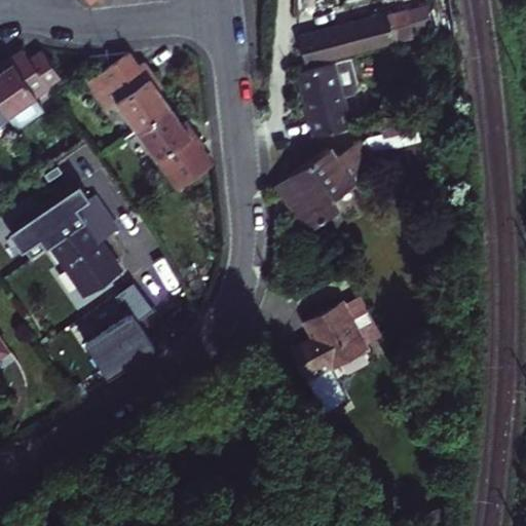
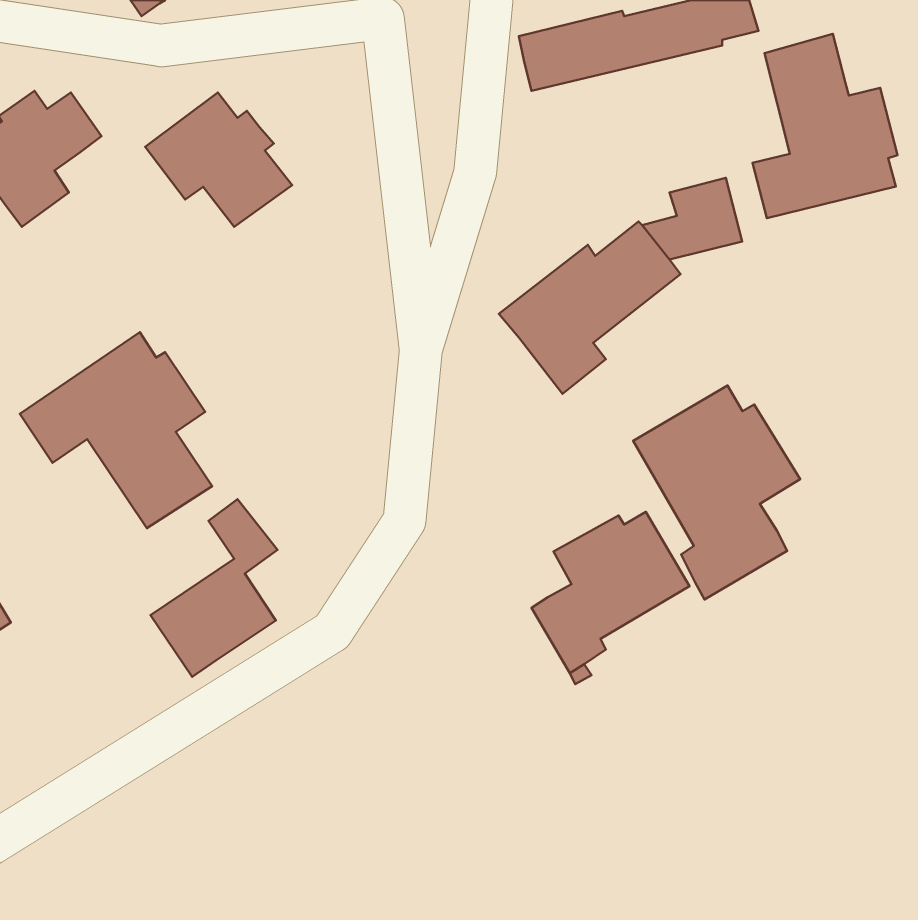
building: none -> [753,34,897,218]
building: [298,48,359,130] -> none
building: [133,109,210,191] -> none
building: none -> [633,386,800,600]

